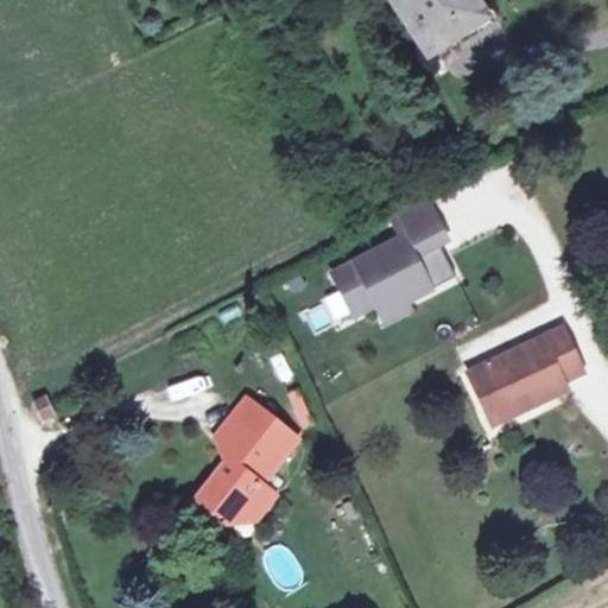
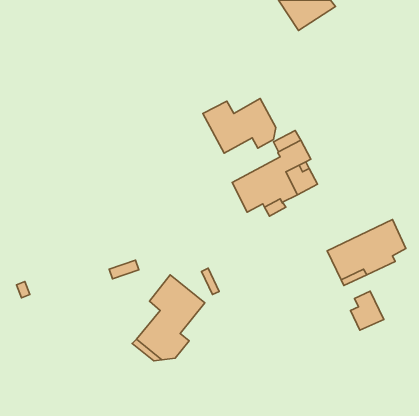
building: none -> [203,98,276,153]
building: none -> [351,291,384,330]

